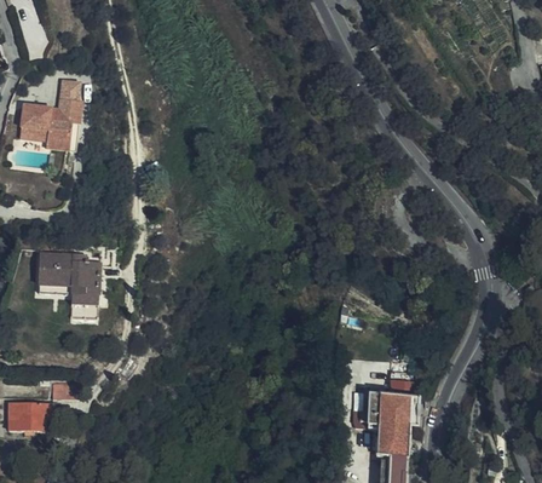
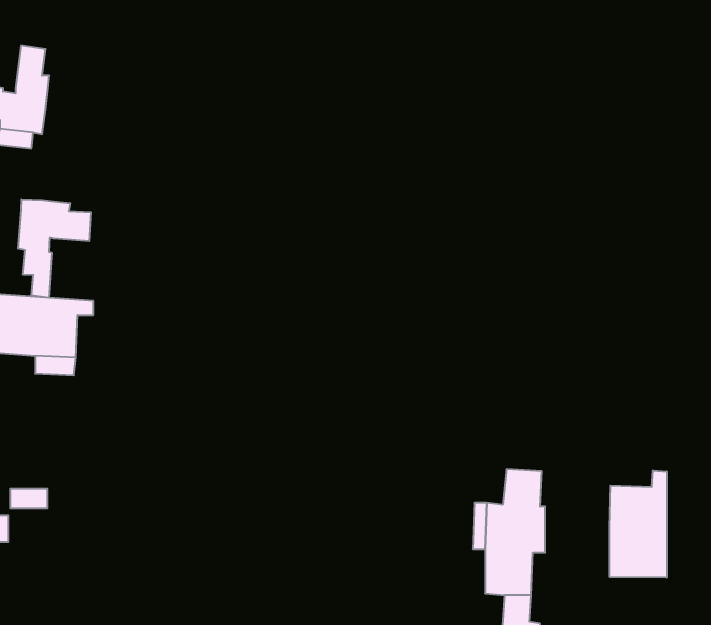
building: none -> [18,199,91,298]
building: none -> [609,470,667,578]

